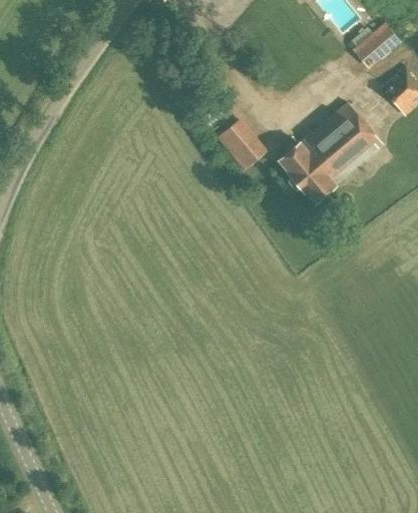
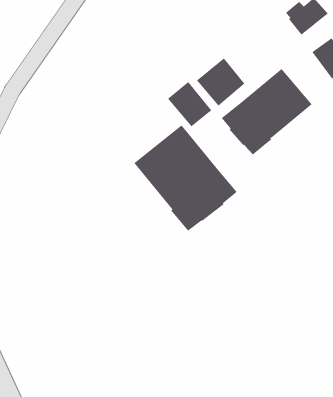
building: none -> [196,58,245,106]
building: none -> [134,125,237,232]

